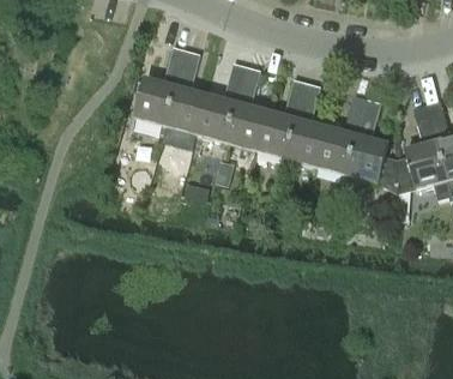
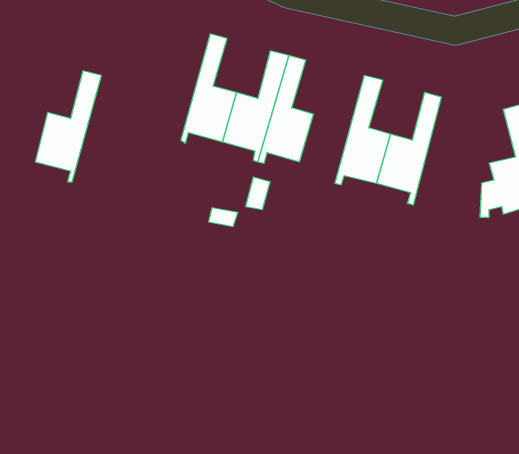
building: [135,44,187,131] -> [35,71,101,182]
building: [256,77,307,164] -> none
building: [345,97,388,182] -> none

